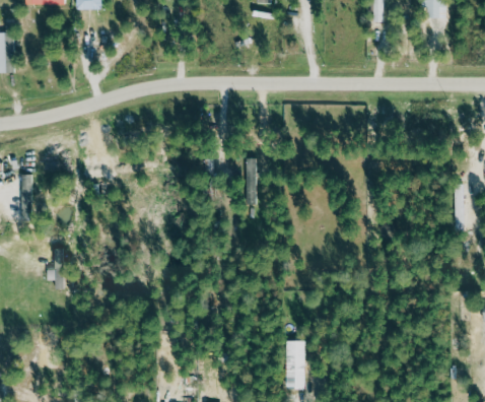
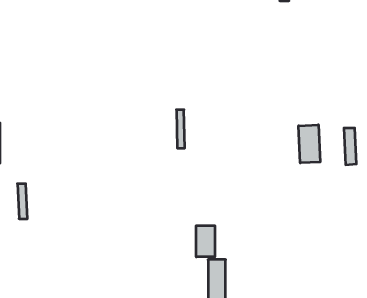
building: none -> [299,125,320,163]
building: none -> [196,226,215,257]

